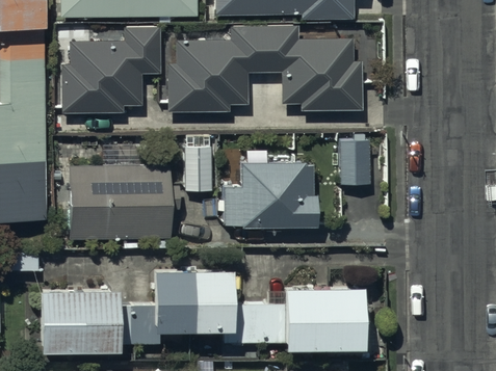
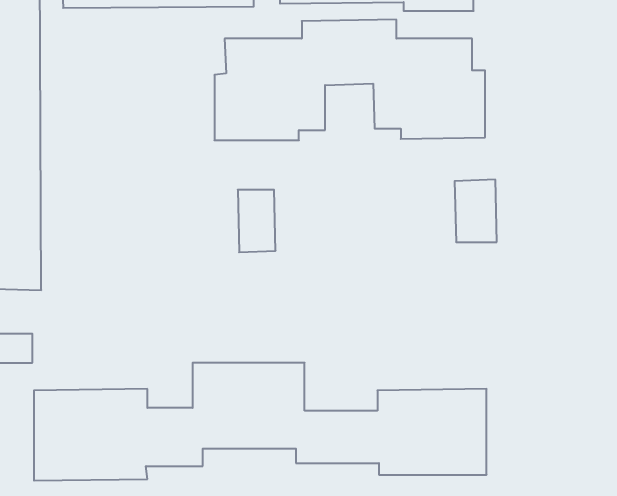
building: [62,26,160,112] -> none
building: [224,161,317,229] -> none
building: [69,162,180,240] -> none

